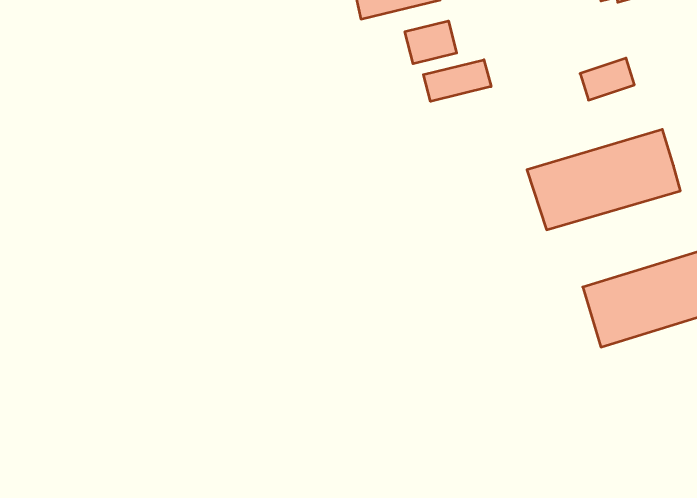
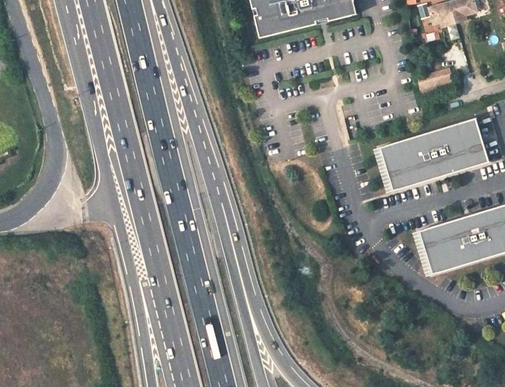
building: [405,21,457,64] -> none
building: [423,60,491,101] -> none

